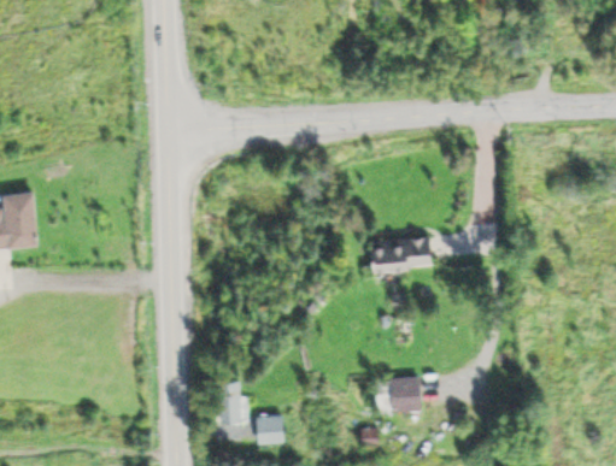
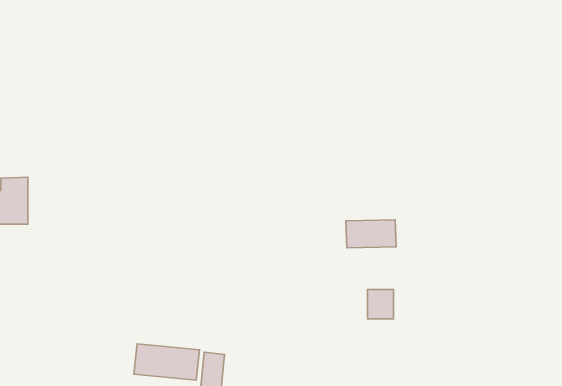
building: none -> [134,344,200,380]
building: [392,379,420,411] -> [368,290,393,319]

